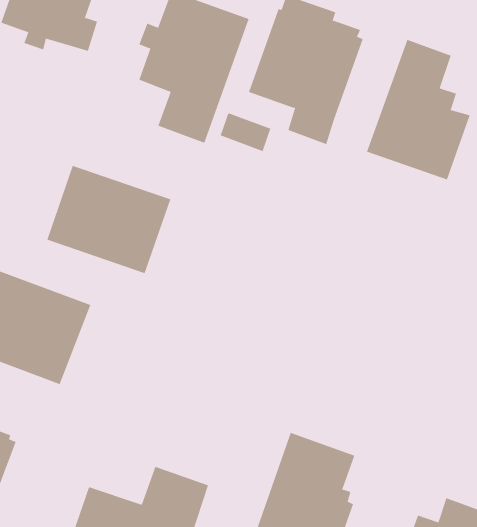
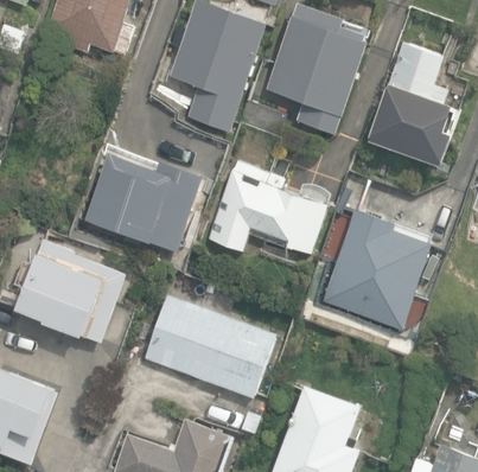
building: none -> [204,171,332,254]
building: none -> [321,212,432,337]
building: none -> [141,295,273,396]

